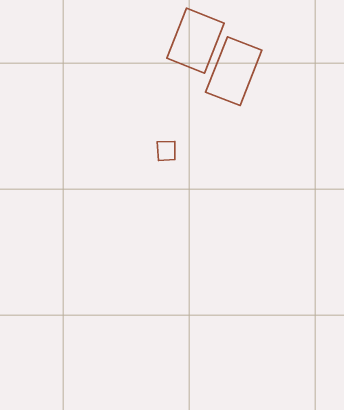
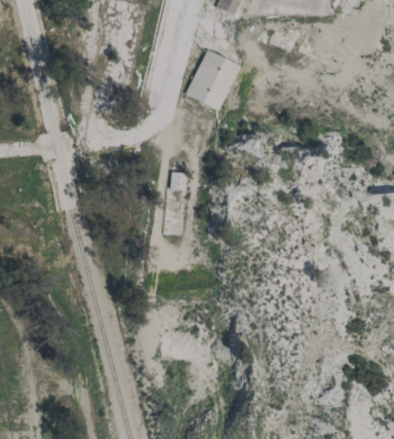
building: [206,37,262,105] -> none

